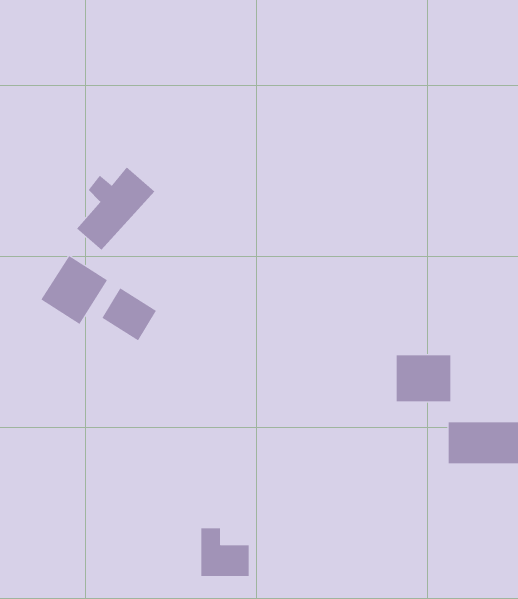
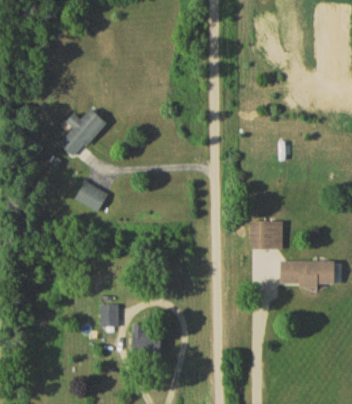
building: [41,255,108,325] -> none
building: none -> [100,303,117,327]

